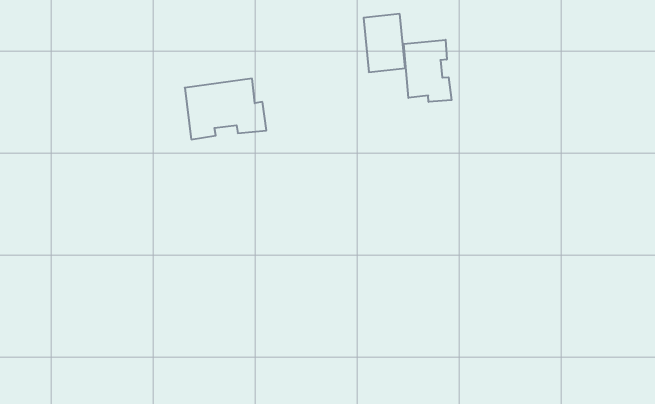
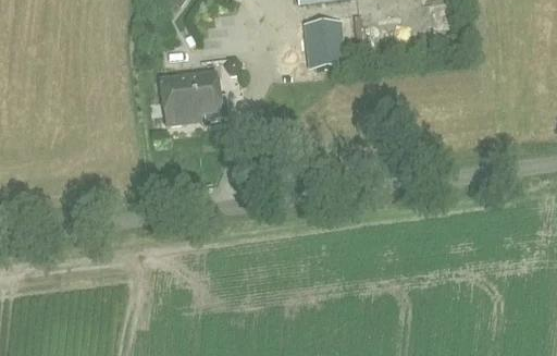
building: [404,40,452,102] -> none

